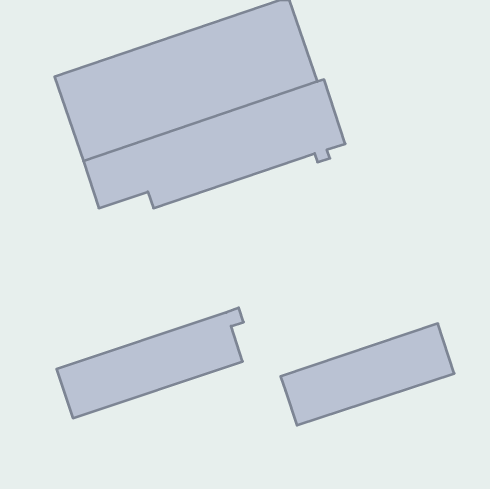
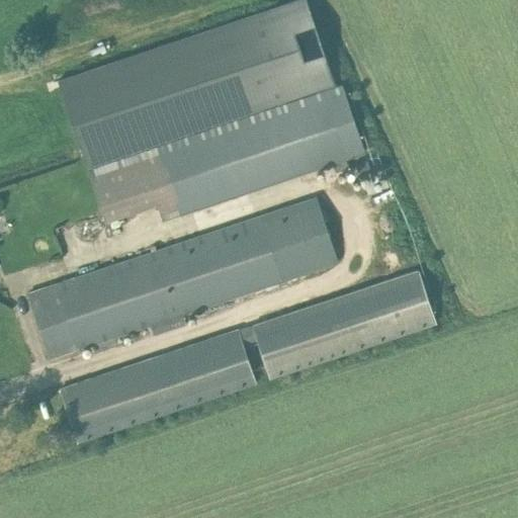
building: none -> [27,202,326,358]
building: [281,324,454,425] -> [252,270,435,377]

